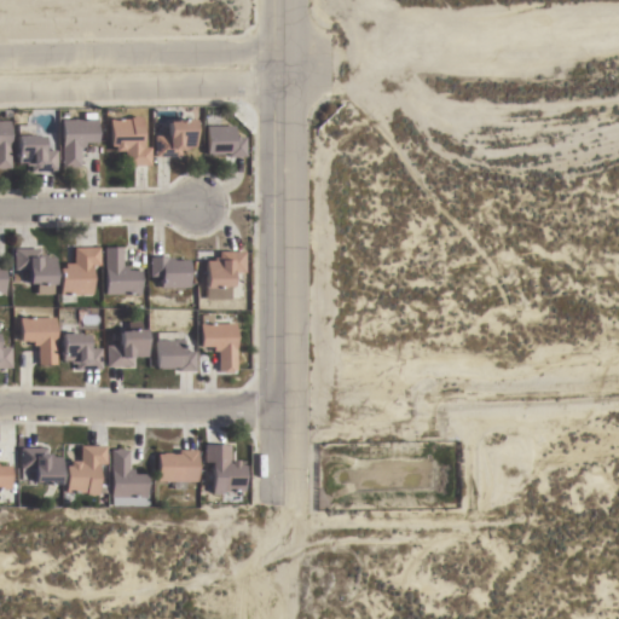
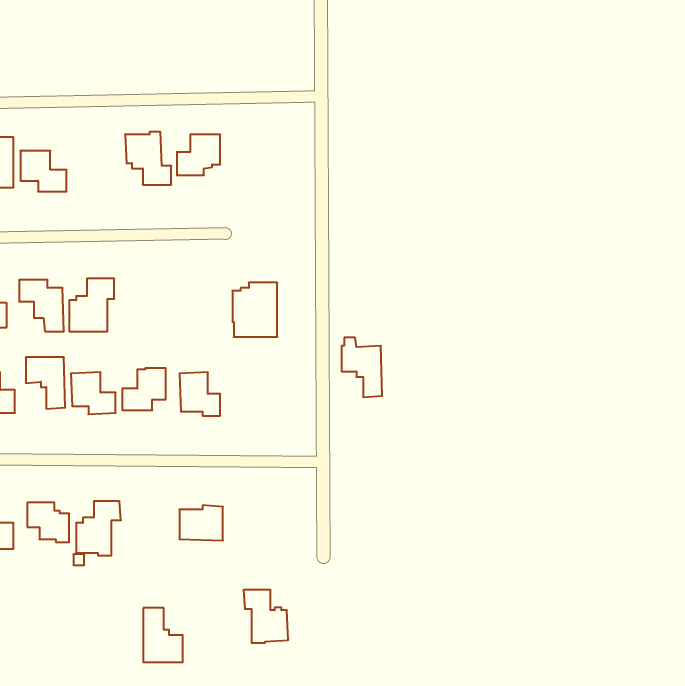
building: [63,114,99,167] -> none
building: [209,126,248,156] -> none
building: [106,248,143,294] -> none
building: [152,258,192,288] -> none
building: [202,316,238,369] -> [342,338,382,397]
building: [207,445,247,492] -> [243,590,288,643]
building: [112,450,147,498] -> [143,608,183,662]

